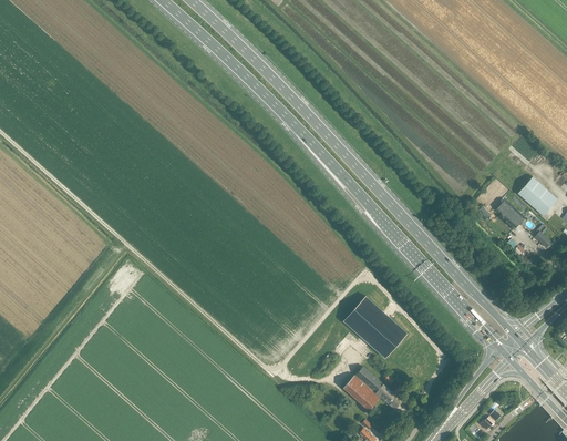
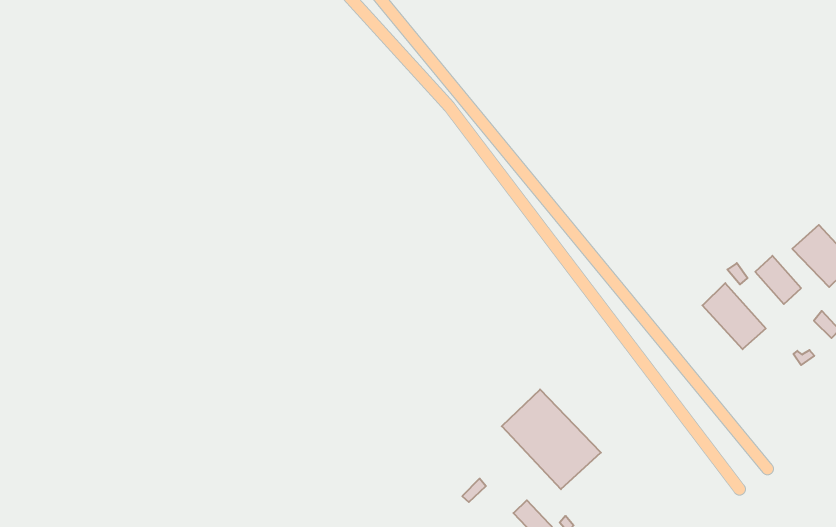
building: none -> [702,283,766,349]

